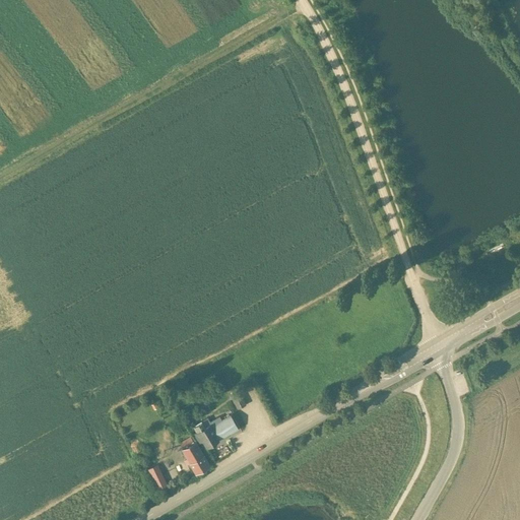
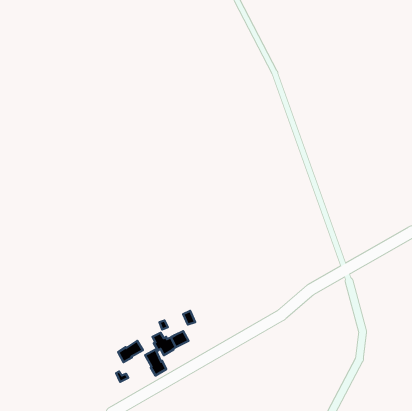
building: none -> [118,341,143,362]

